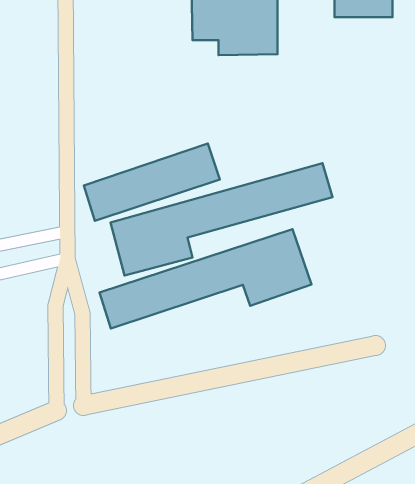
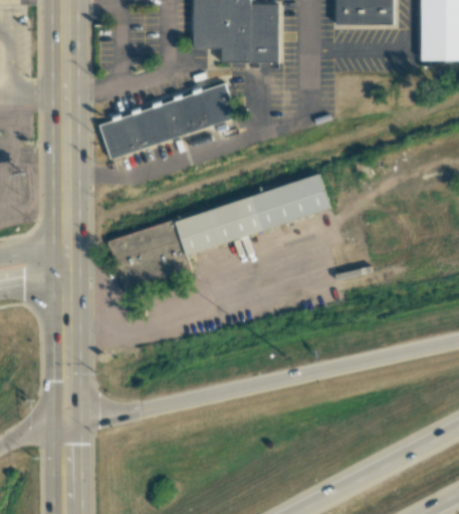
building: [84,144,220,221] -> [99,83,236,161]
building: [99,229,312,329] -> none

